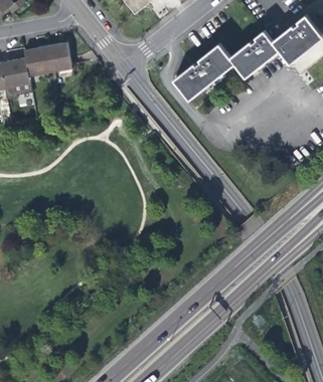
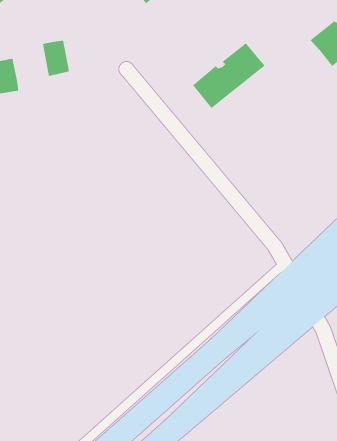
building: [228,30,278,76] -> none
building: [22,44,52,76] -> none

